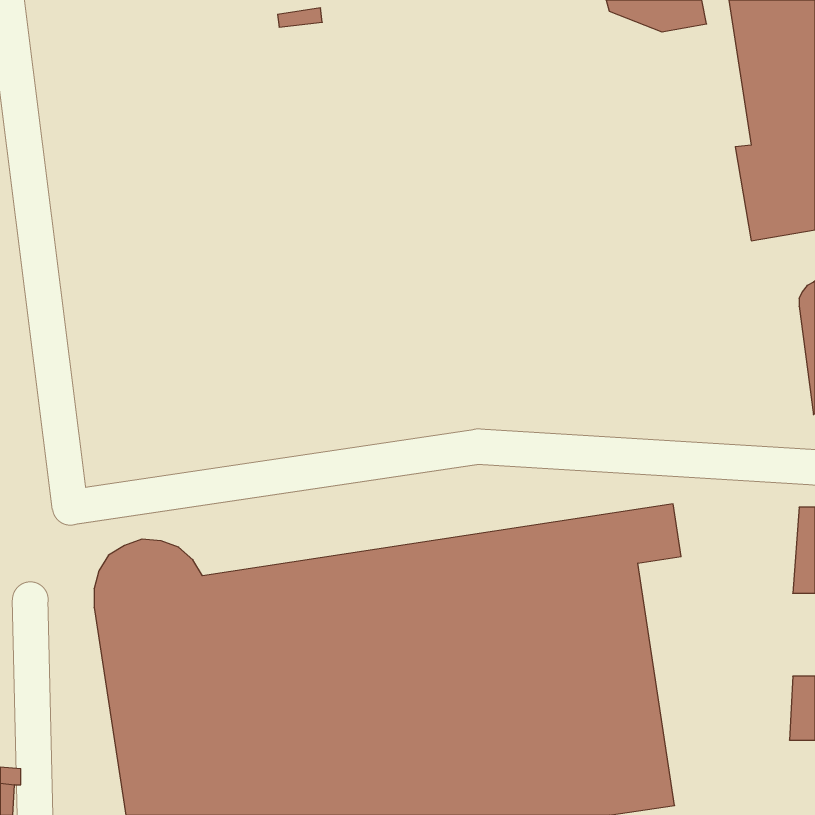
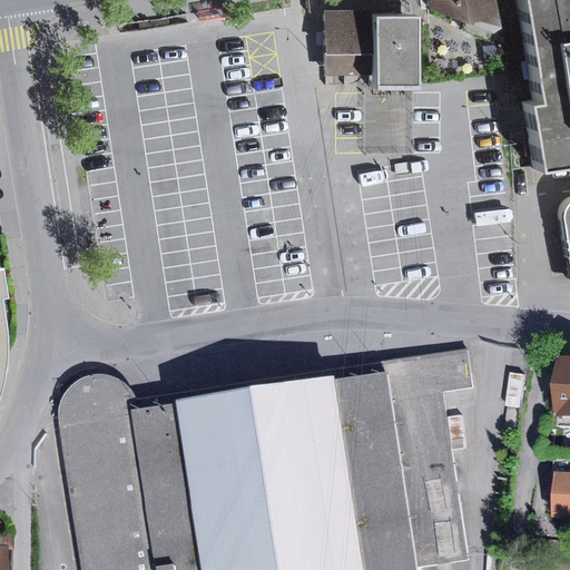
building: none -> [321,10,414,88]

